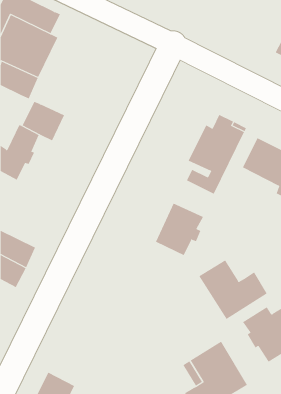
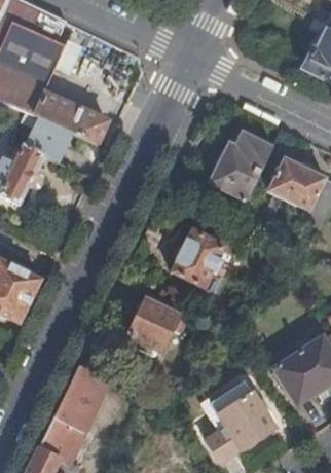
building: none -> [34,90,107,143]
building: [198,259,267,320] -> none
building: none -> [130,292,181,351]
building: none -> [54,365,109,430]

